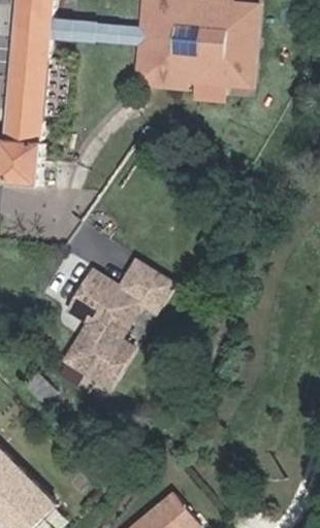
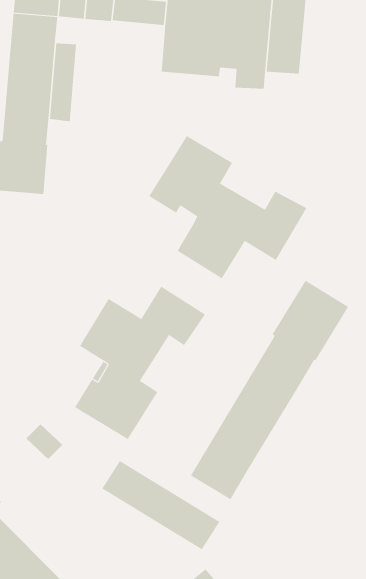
building: none -> [149,135,307,279]
building: none -> [190,280,349,500]
building: none -> [102,460,220,550]

